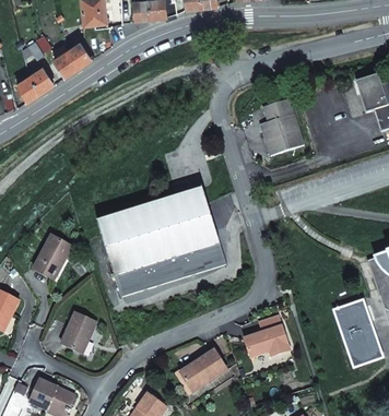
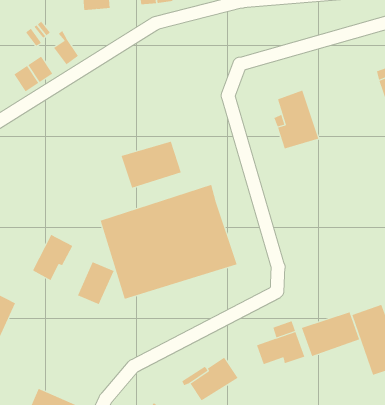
building: [62,36,91,68] -> none
building: none -> [121,141,181,189]
building: none -> [301,311,360,357]
building: [61,312,96,353] -> [77,262,114,305]

